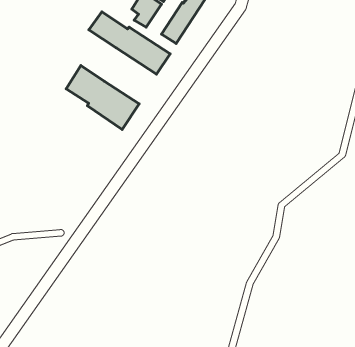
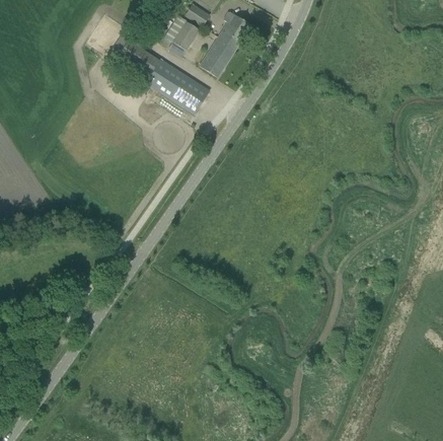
building: [66,65,139,130] -> none

